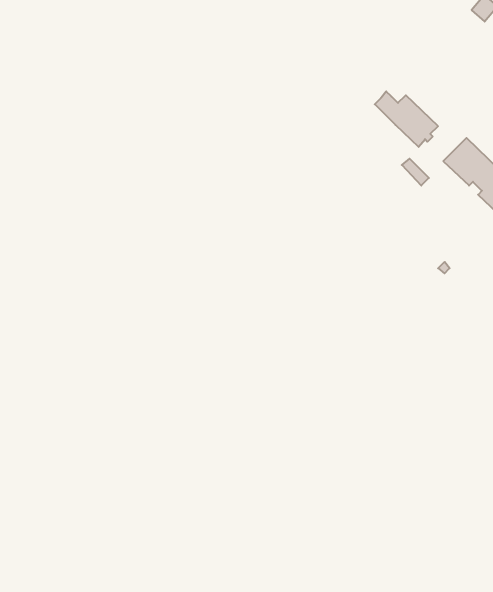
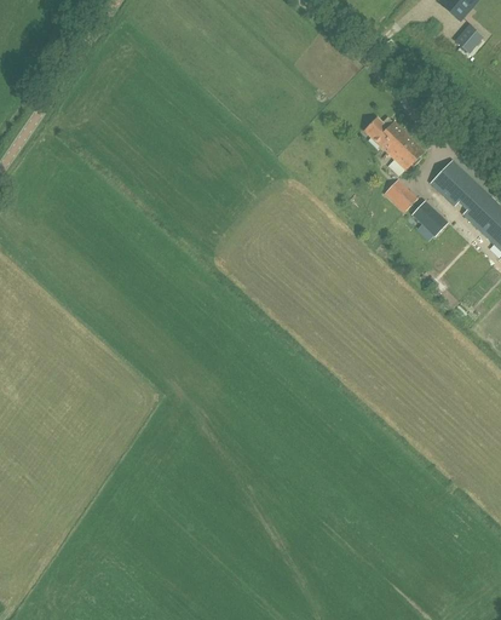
building: none -> [413,201,447,234]

